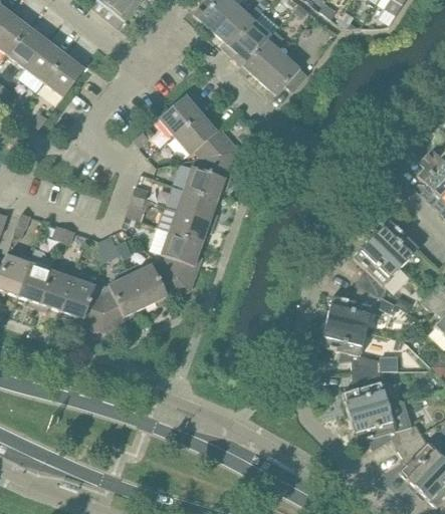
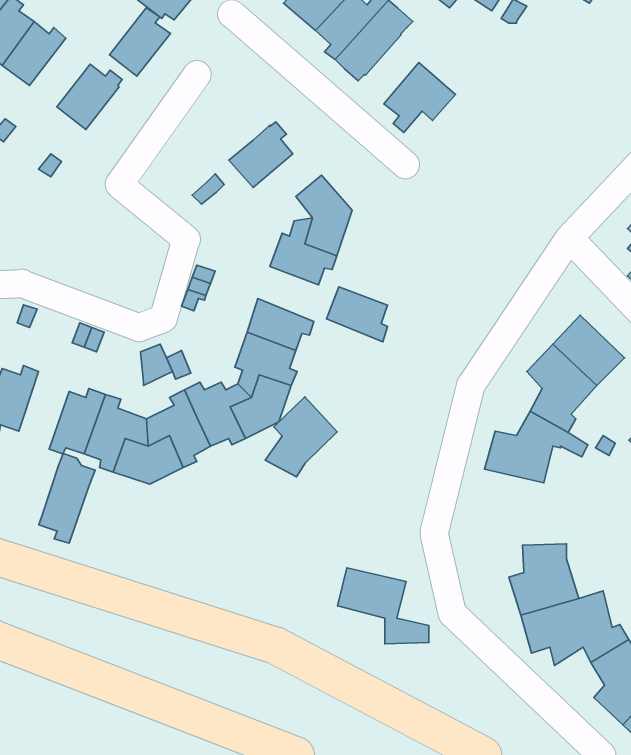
building: [238,29,283,79] -> none
building: [25,36,65,81] -> [110,8,170,76]
building: [173,112,218,157] -> none
building: [176,187,216,223] -> [327,287,387,342]
building: [18,248,55,307] -> [39,453,95,543]
building: none -> [265,397,337,477]
building: [319,320,380,370] -> [338,568,429,644]

